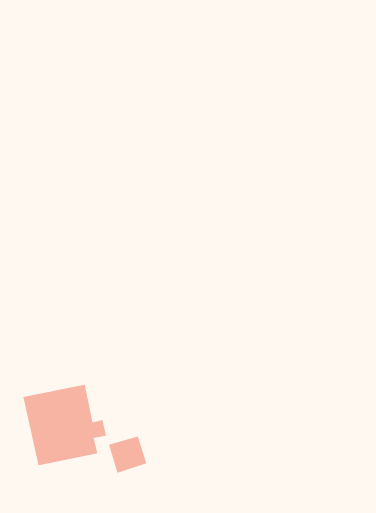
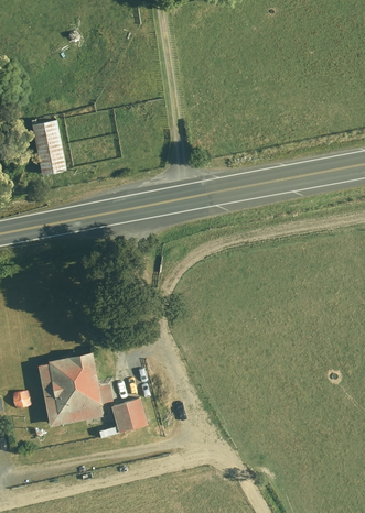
building: none -> [34,118,67,175]

